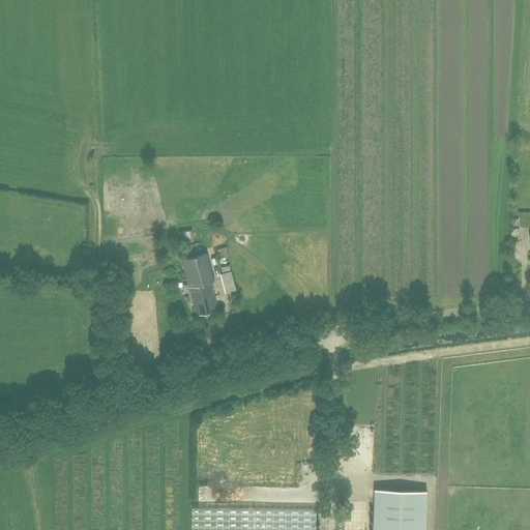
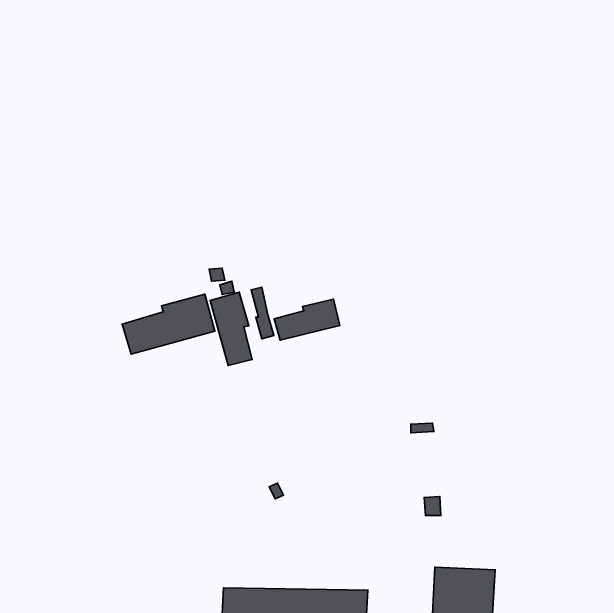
building: none -> [122,294,215,354]
building: none -> [274,299,340,340]

